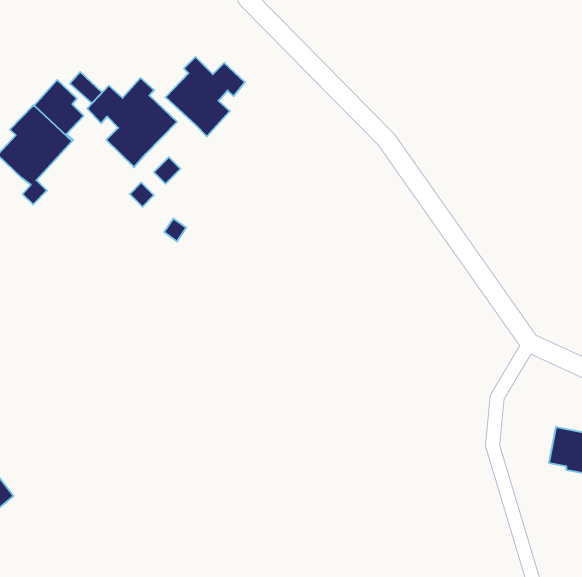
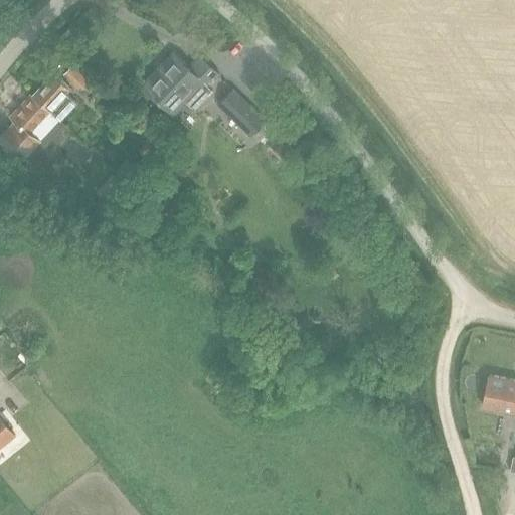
building: [87,78,177,167] -> none
building: none -> [216,89,264,136]

